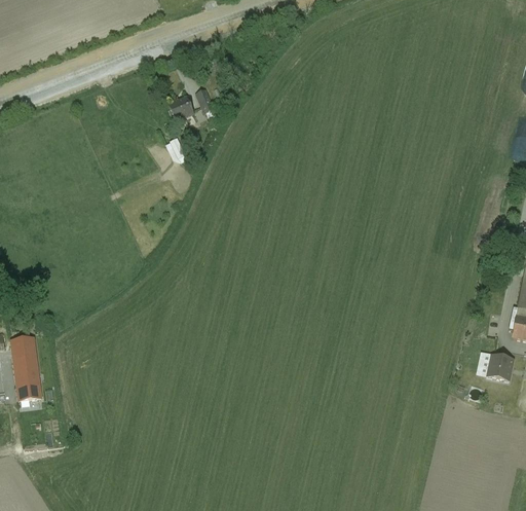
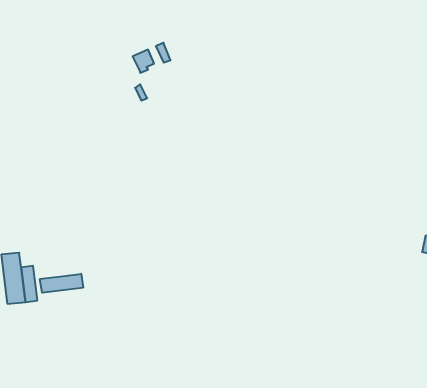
building: [486,354,512,379] -> none
building: none -> [40,274,83,293]

